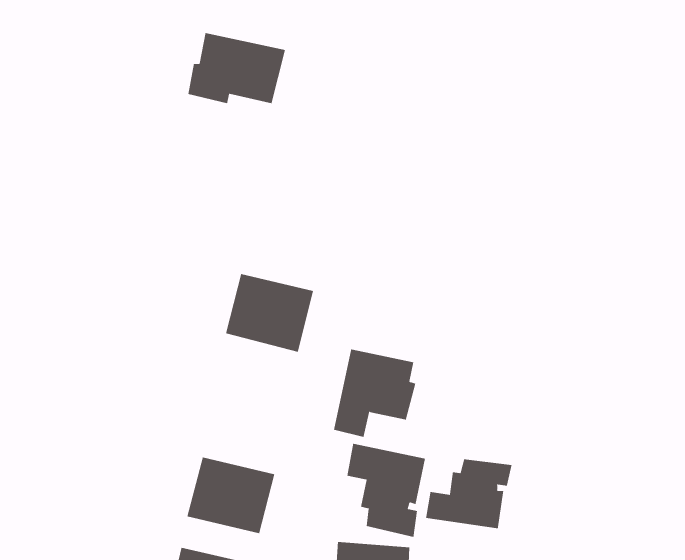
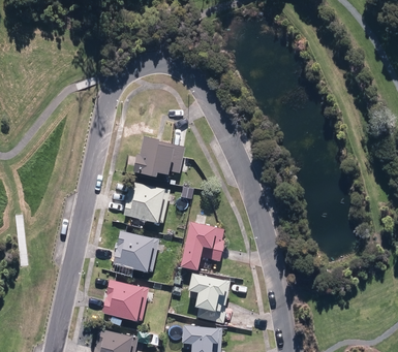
building: [187,33,286,104] -> [132,137,185,175]
building: none -> [113,230,159,273]
building: [425,459,512,529] -> none

